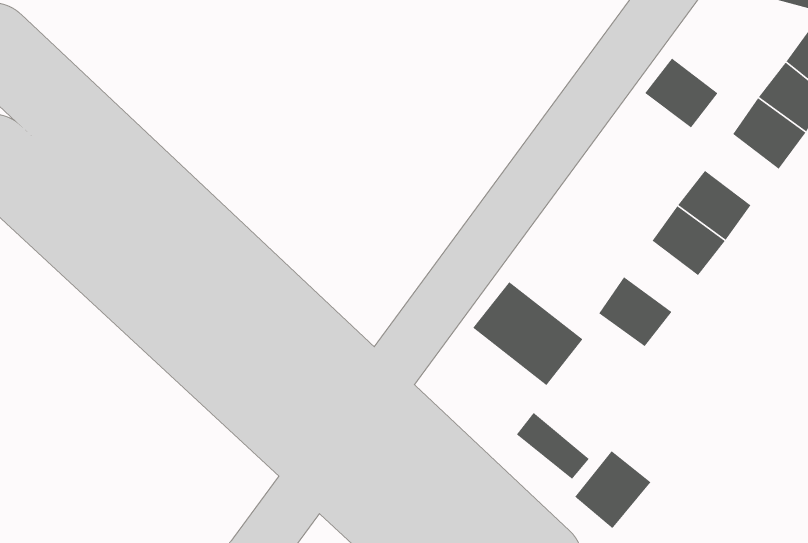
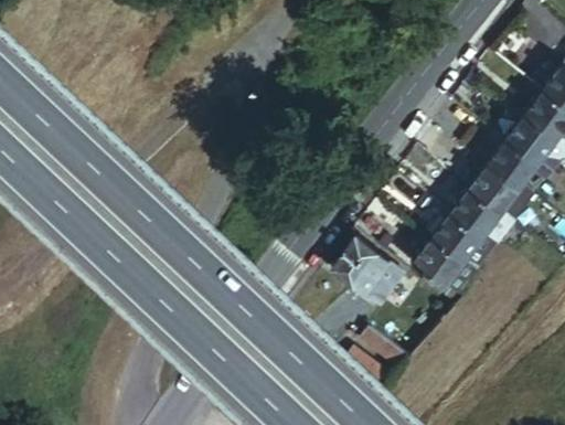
building: [644,57,719,129] -> [492,135,543,183]
building: none -> [437,208,488,256]
building: [574,450,652,529] -> none

